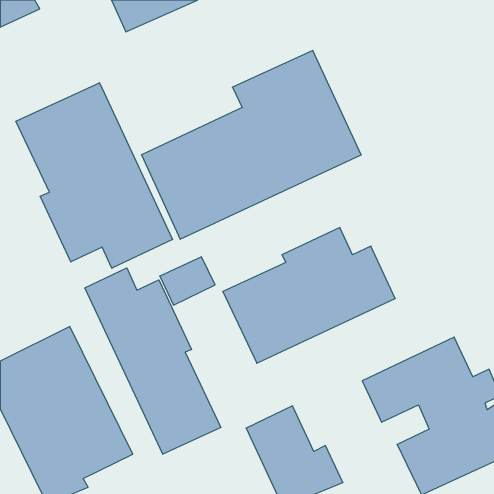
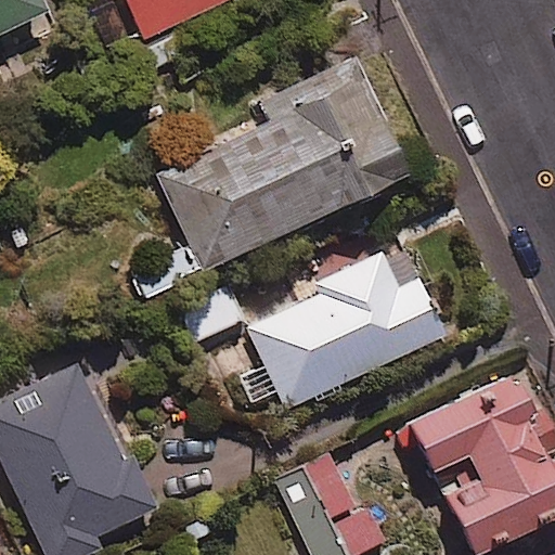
building: [16,83,172,268] -> none
building: [85,268,221,454] -> none

